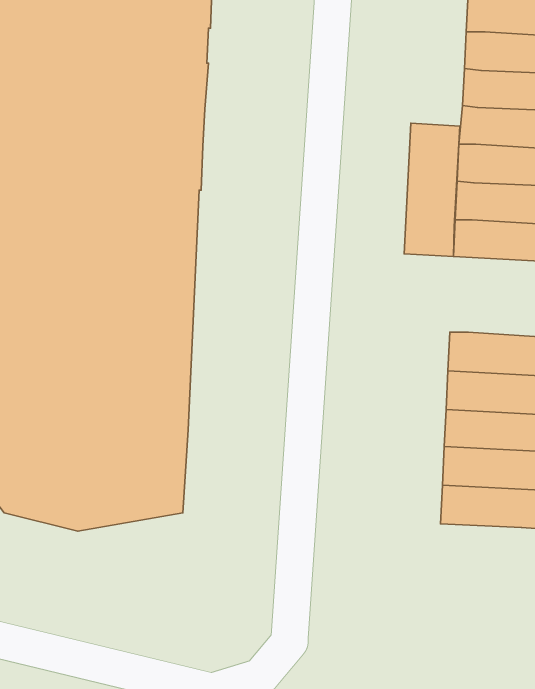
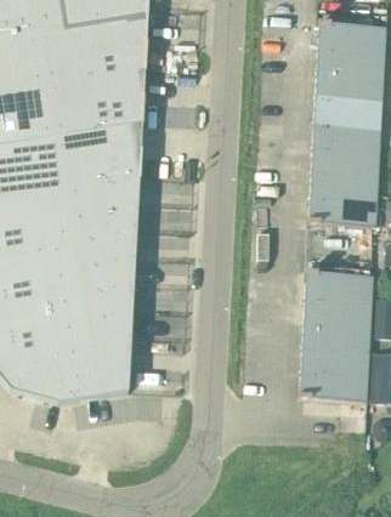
building: [404,123,460,256] -> none

